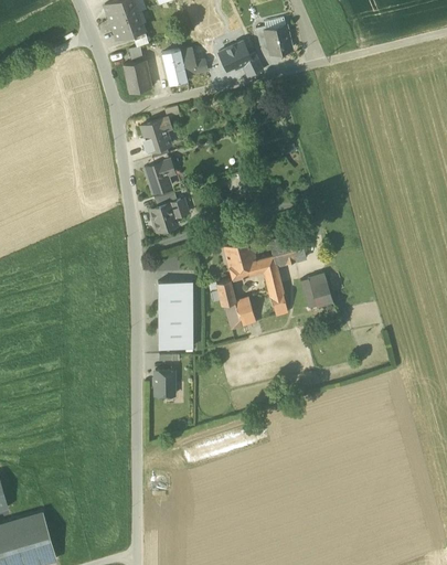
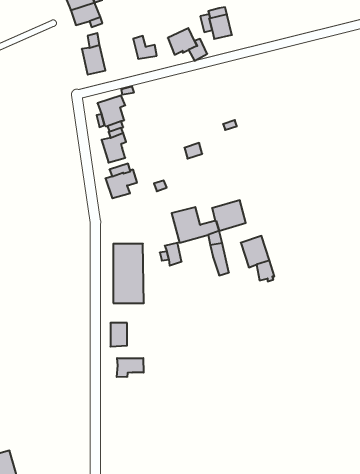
building: [162,51,188,85] -> none
building: [225,298,256,331] -> none
building: none -> [117,358,144,377]

